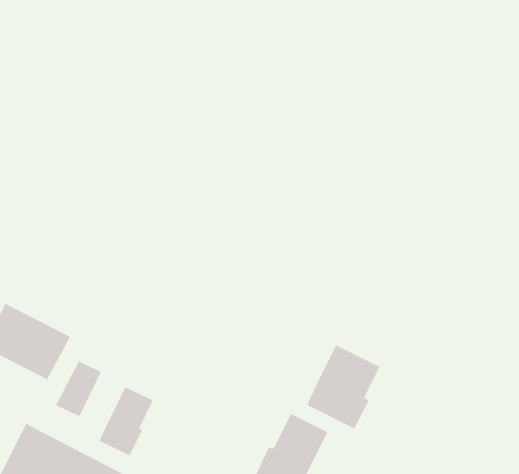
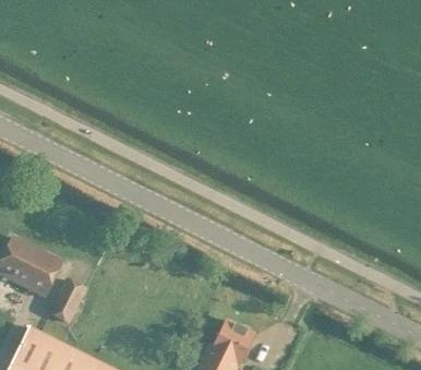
building: [306,344,381,429] -> none
building: [99,386,154,456] -> none

